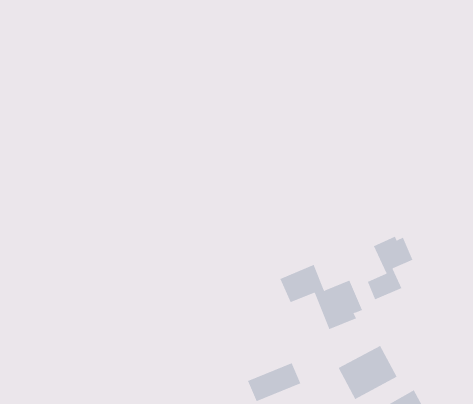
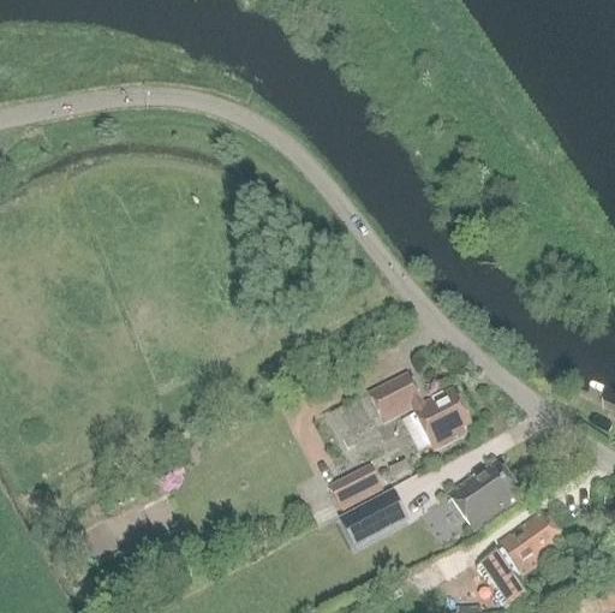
building: [367,236,413,300] -> none
building: none -> [329,464,387,511]

